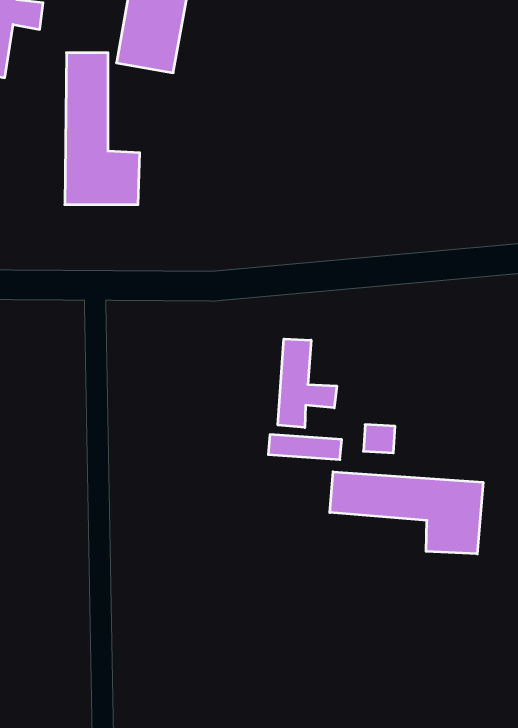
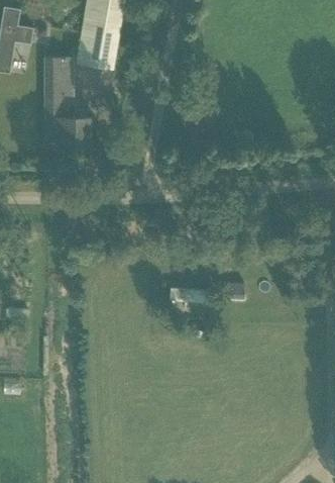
building: [278,339,337,428] -> none
building: [330,472,483,554] -> none

